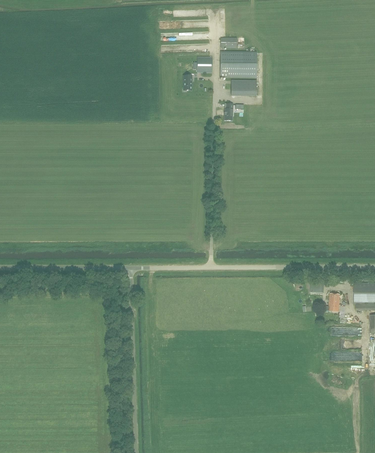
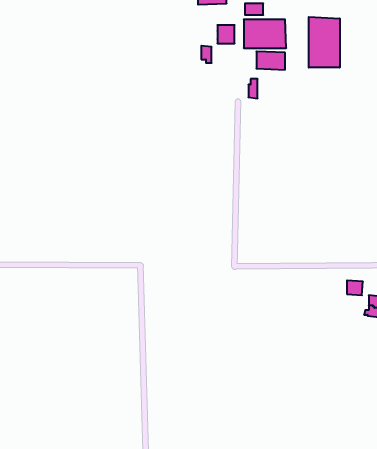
building: none -> [309,17,340,68]

